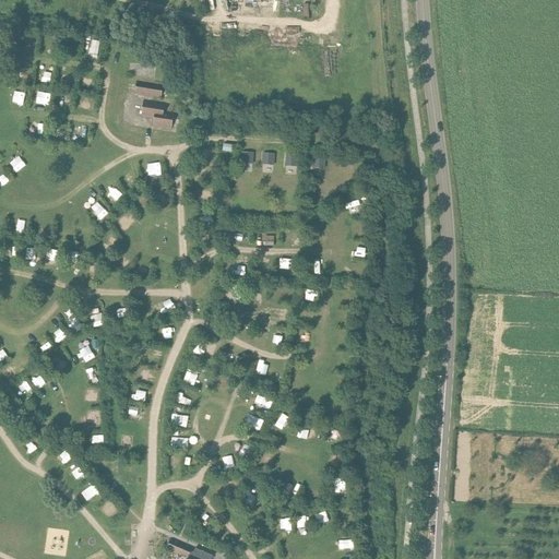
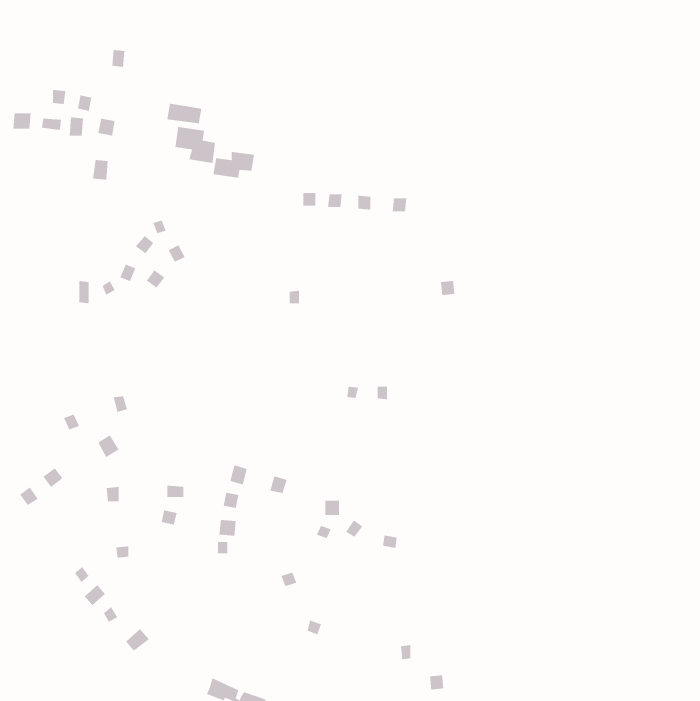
building: none -> [213,151,255,179]

